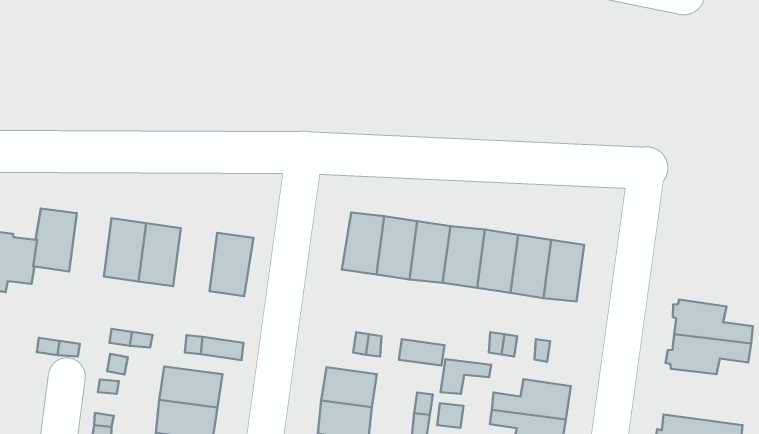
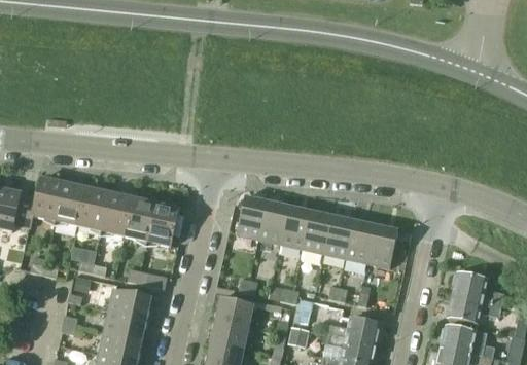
building: none -> [56,182,86,225]
building: none -> [124,197,155,241]
building: none -> [441,324,495,358]

